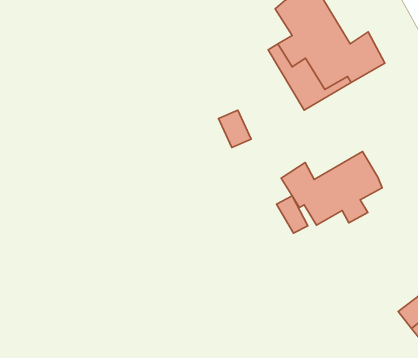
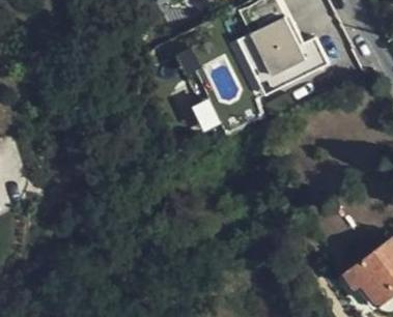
building: [281,152,382,225] -> none

